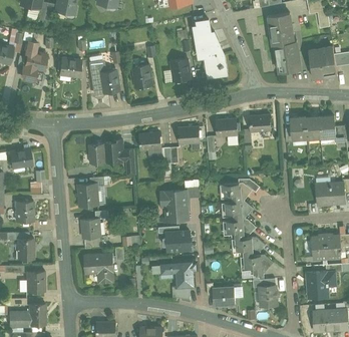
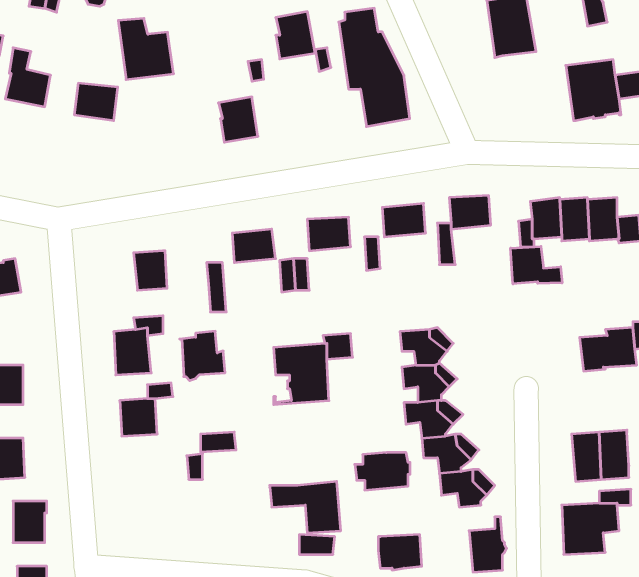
building: [275,41,300,73] -> none
building: [169,58,190,82] -> [276,12,315,59]
building: [89,63,117,94] -> [118,18,174,80]
building: [103,139,126,164] -> [180,331,225,381]
building: none -> [511,246,562,284]
building: [162,232,191,251] -> [355,453,410,490]
building: [84,254,113,283] -> none

